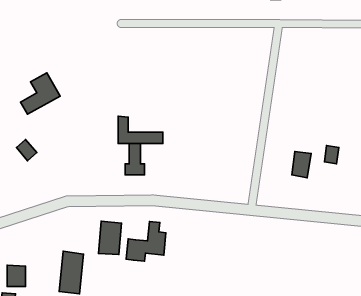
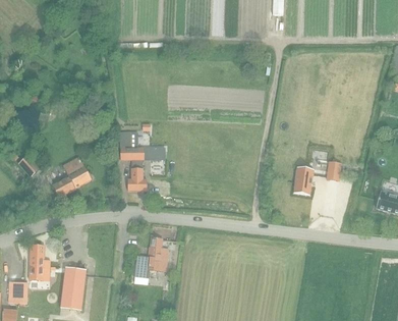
building: [20,73,60,114] -> [52,156,92,198]
building: [98,221,122,255] -> none
building: none -> [30,245,51,280]

